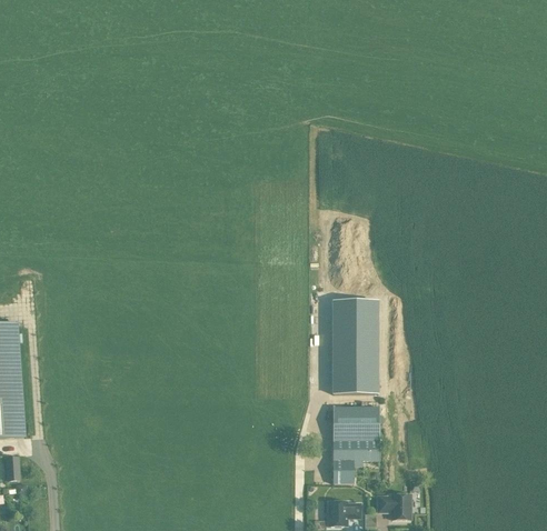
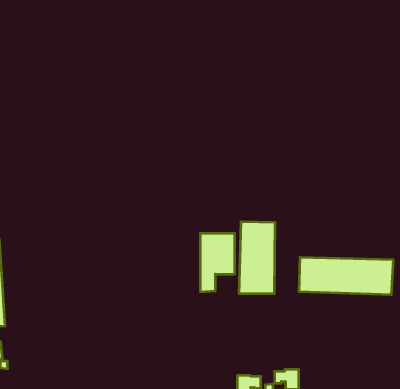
building: none -> [299,257,393,295]
building: [334,407,379,483] -> [200,233,235,292]

